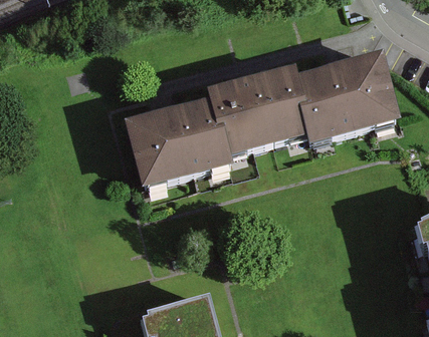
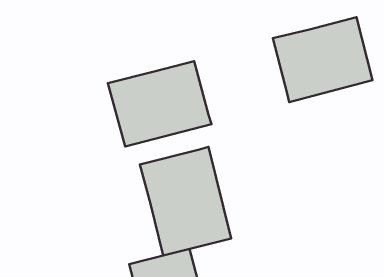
building: [211,65,310,152] -> none
building: none -> [140,147,231,256]

